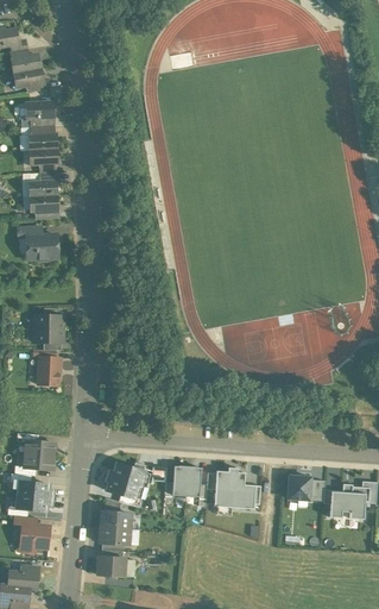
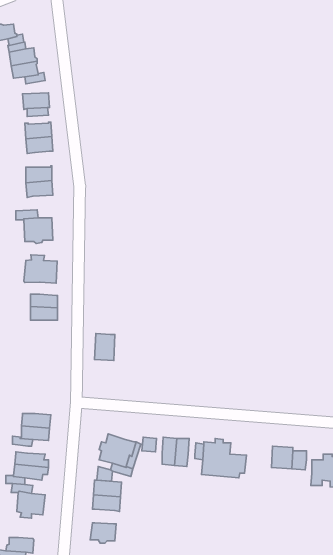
building: none -> [24,255,57,283]
building: [38,356,59,384] -> [95,333,115,360]

